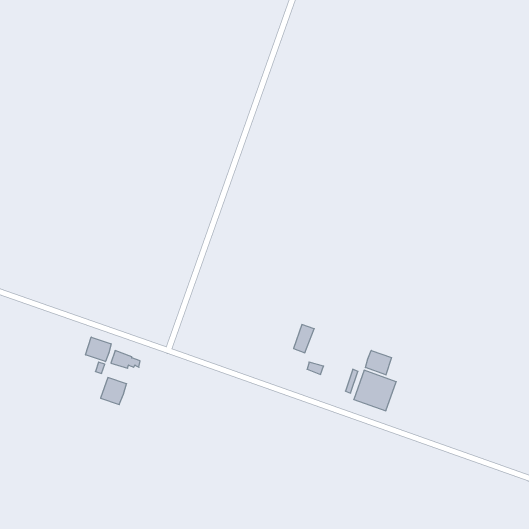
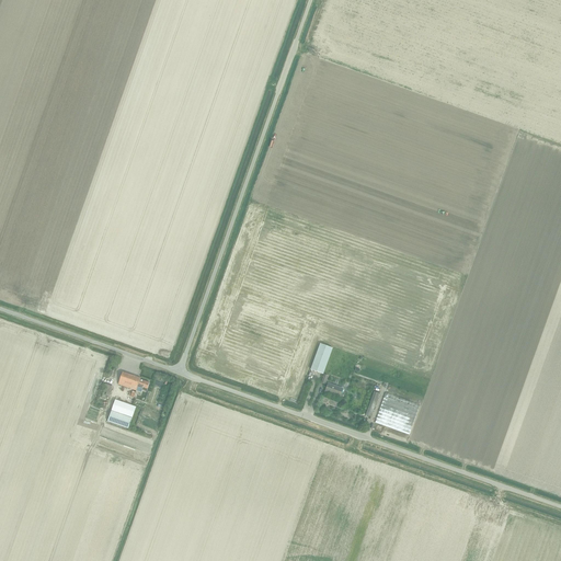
building: [86,337,111,362] -> none
building: [365,350,392,375] -> none

